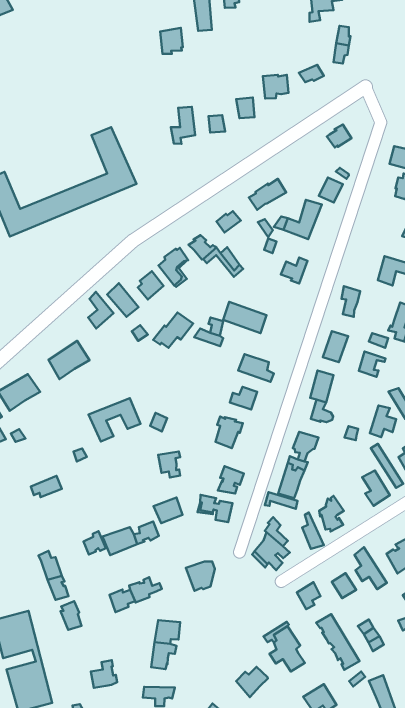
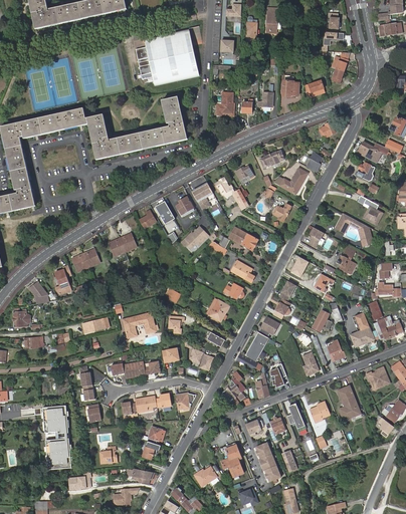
building: none -> [135,28,198,85]
building: [88,398,140,441] -> [123,312,156,337]

